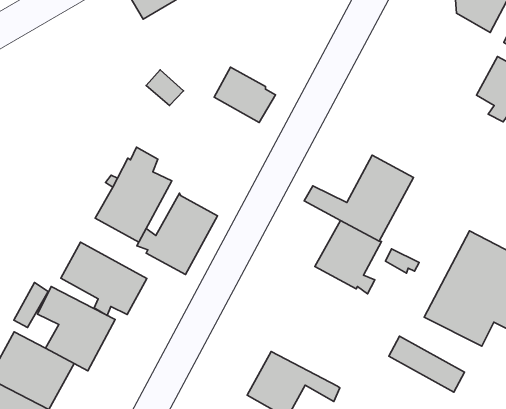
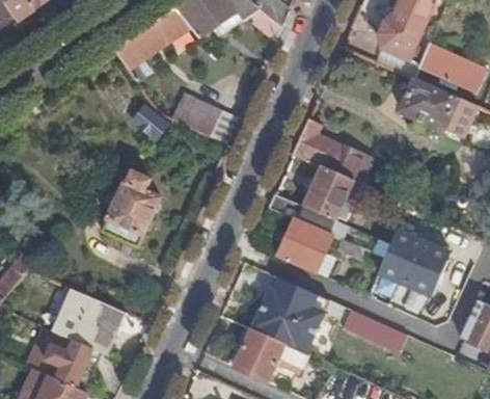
building: none -> [291,117,371,186]
building: [137,193,218,275] -> none
building: [61,242,147,315] -> none
building: none -> [249,274,328,352]

